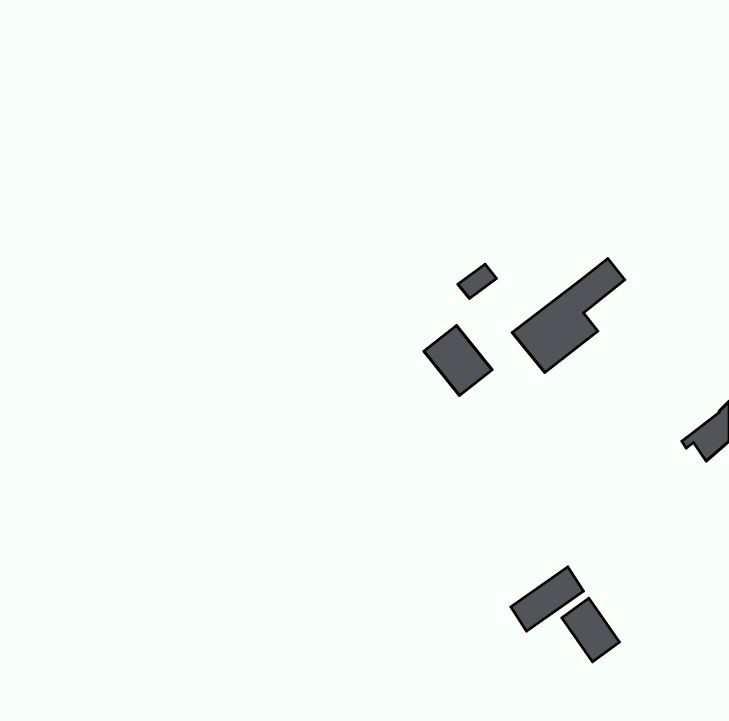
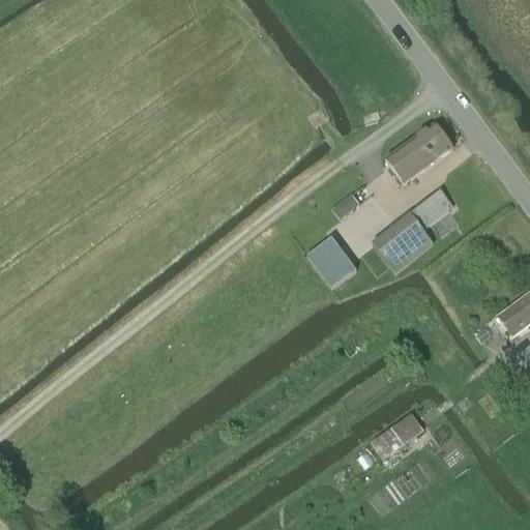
building: none -> [386,122,452,182]
building: [562,598,620,662] -> none

